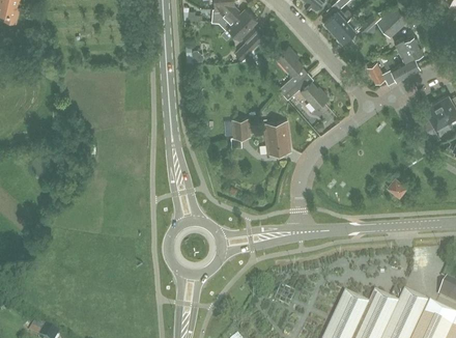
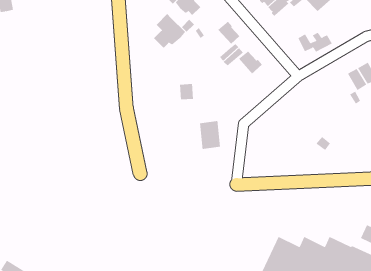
building: [394,35,423,74] -> none
building: none -> [153,13,186,49]
building: [264,121,289,154] -> [199,120,221,149]

